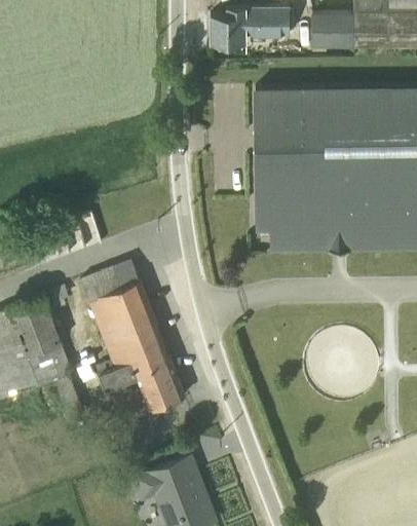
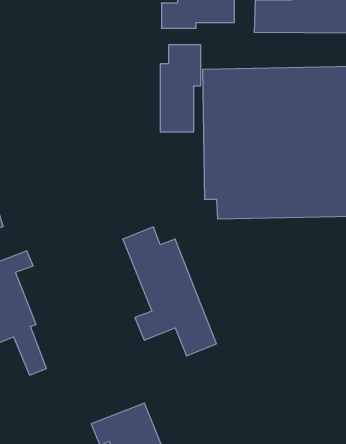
building: none -> [161,45,200,132]
building: [80,268,183,410] -> [123,227,216,356]

